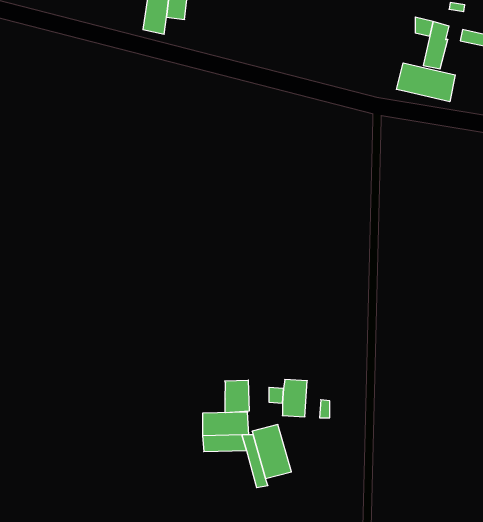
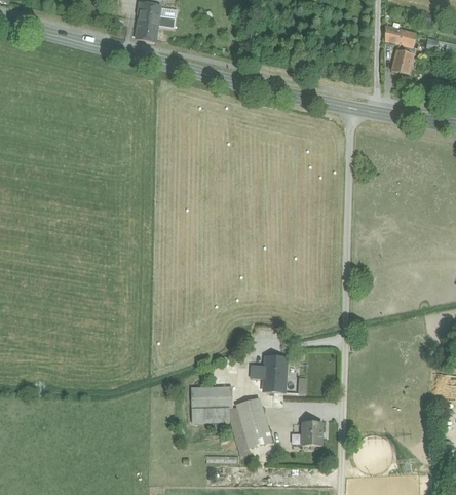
building: [396,63,455,102] -> none
building: [225,380,249,413] -> none
building: none -> [301,421,321,445]

